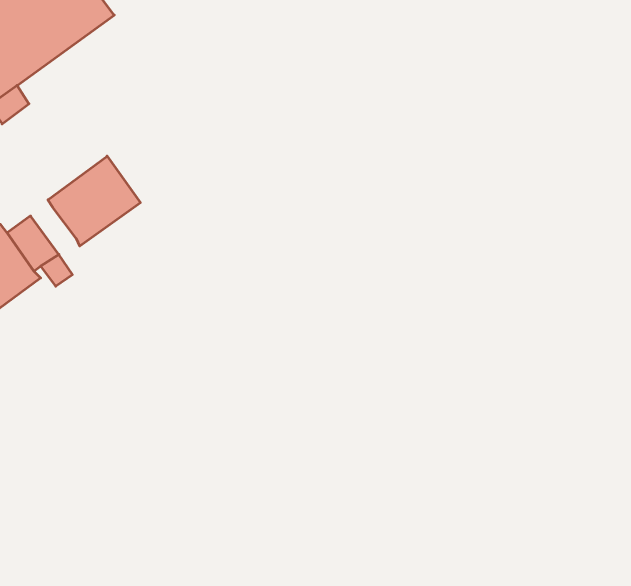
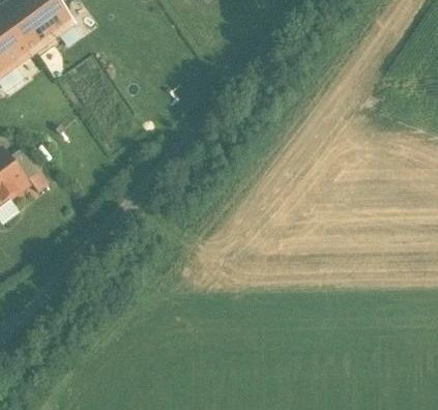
building: [48,156,140,246] -> none

